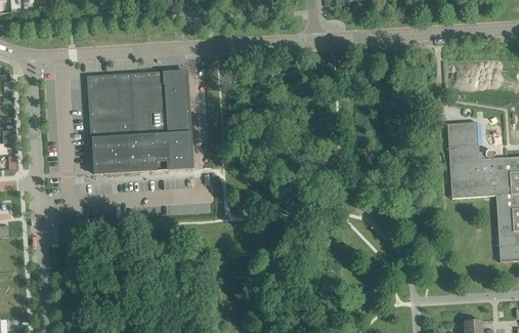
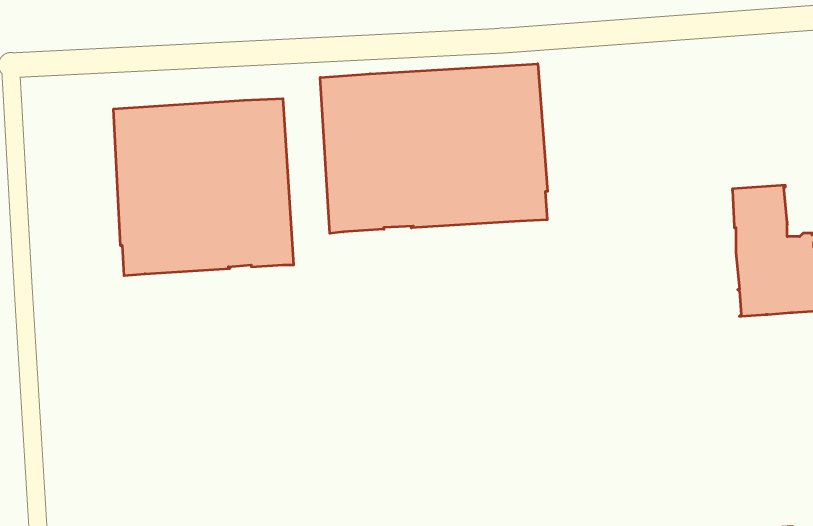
building: none -> [320,64,548,233]

